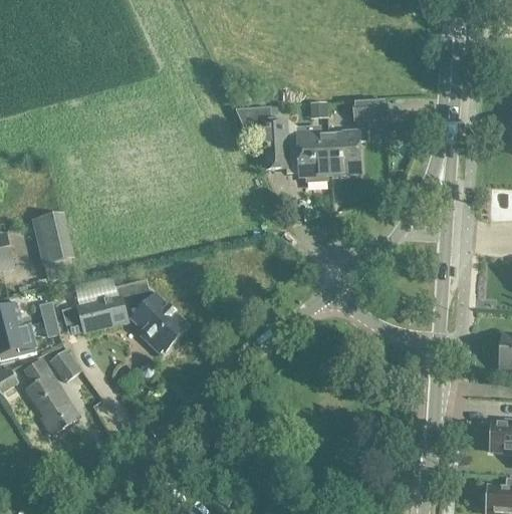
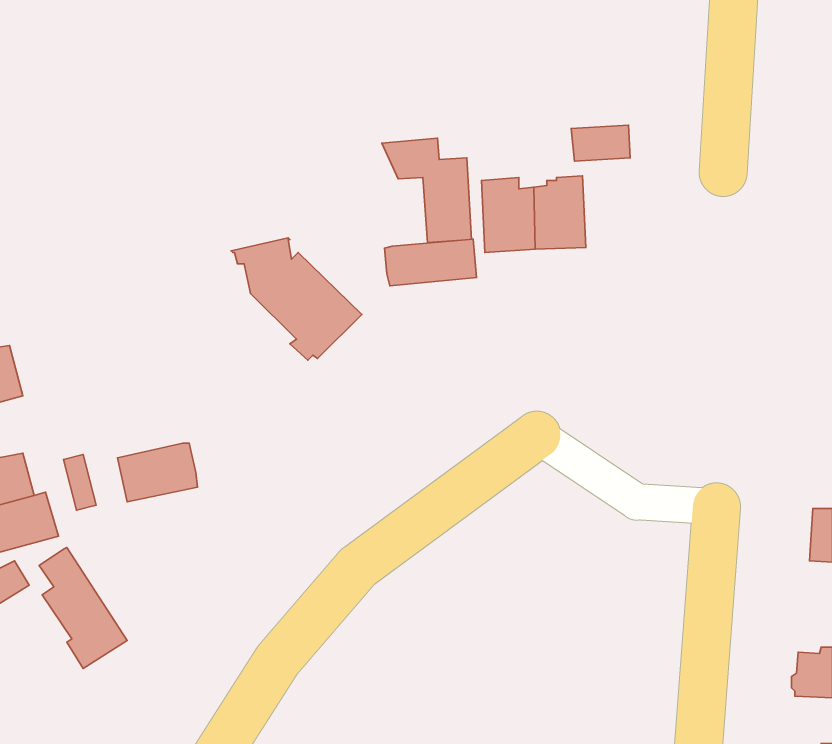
building: none -> [385,239,477,286]
building: [31,212,73,264] -> none
building: [108,278,189,353] -> [231,238,362,360]
building: [49,348,81,382] -> none

